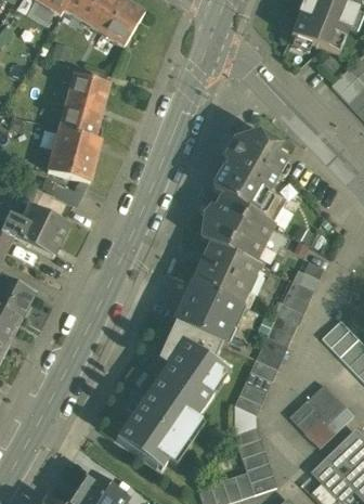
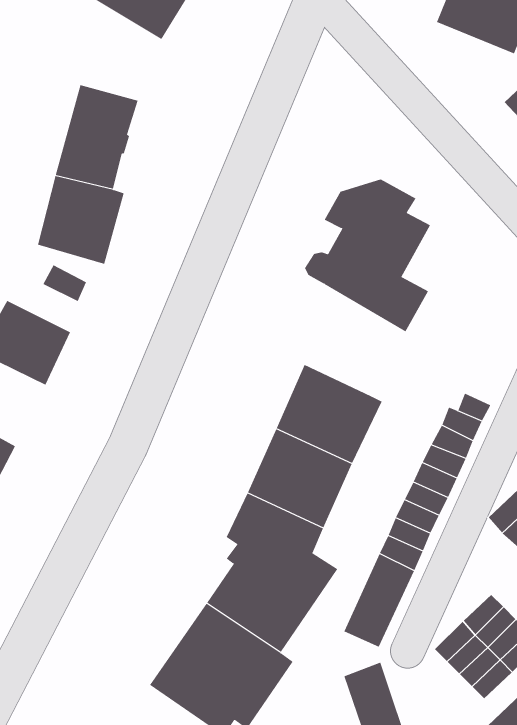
building: [199,195,271,263] -> none

